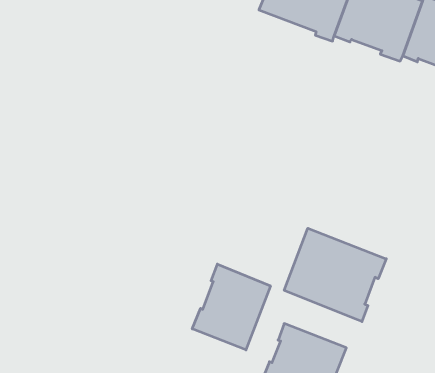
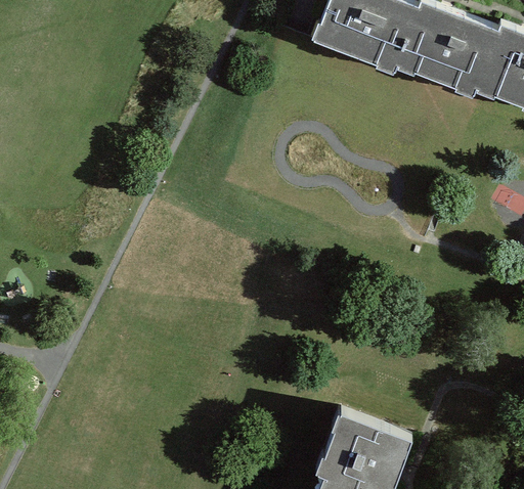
building: [284,228,386,322] -> none
building: [192,264,270,350] -> none

